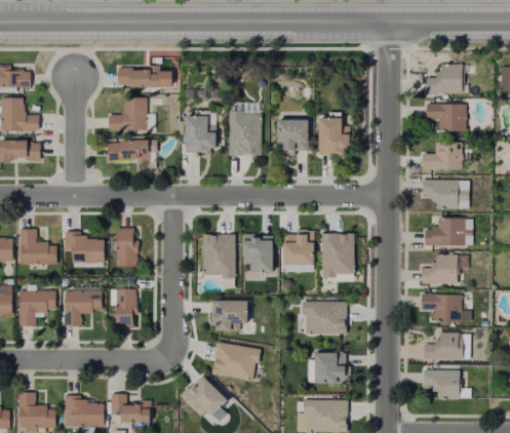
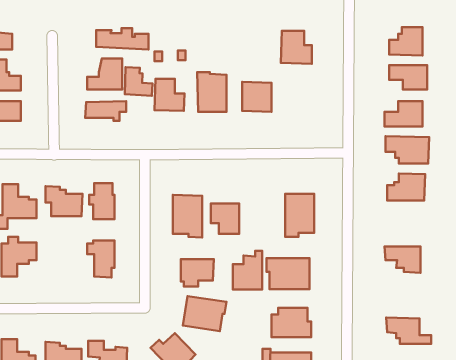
building: none -> [125,67,152,96]
building: [314,119,347,154] -> [281,31,312,64]
building: [281,235,312,276] -> [233,251,262,290]
building: [423,253,468,282] -> none
building: [67,290,104,325] -> none
building: [427,331,466,358] -> none

